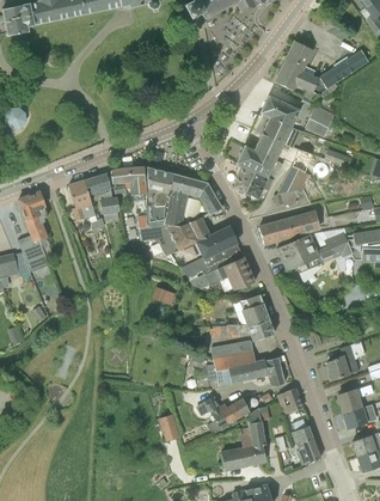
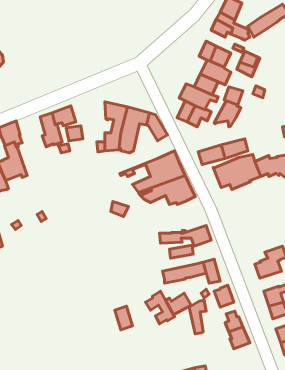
building: [110,166,146,200] -> none
building: [140,218,209,253] -> none
building: [232,294,268,324] -> none
building: [210,344,255,371] -> none
building: [221,414,264,468] -> none

